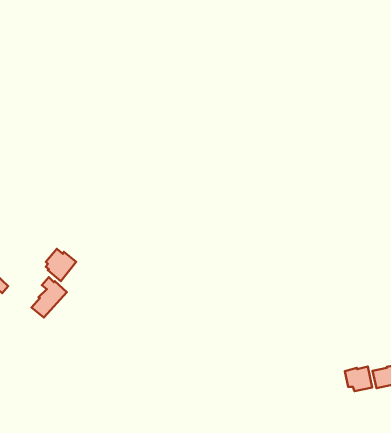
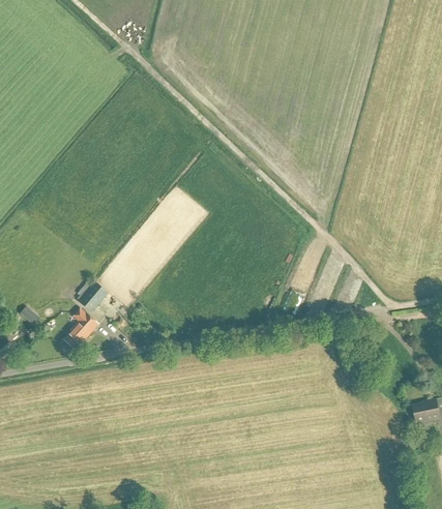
building: [345,367,372,391] -> none

